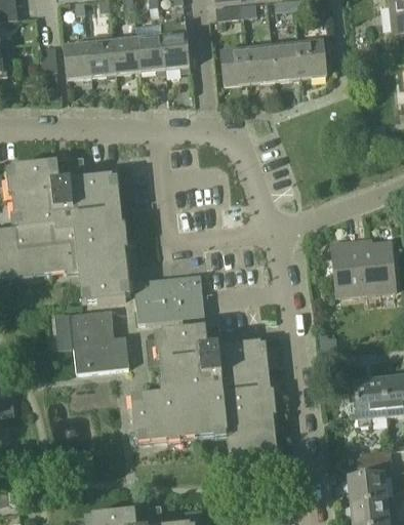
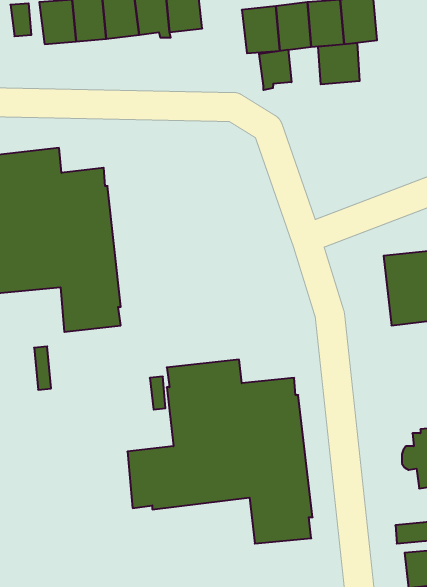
building: none -> [318,43,360,84]
building: none -> [259,50,291,90]
building: [134,275,204,322] -> none
building: [71,310,129,372] -> none

